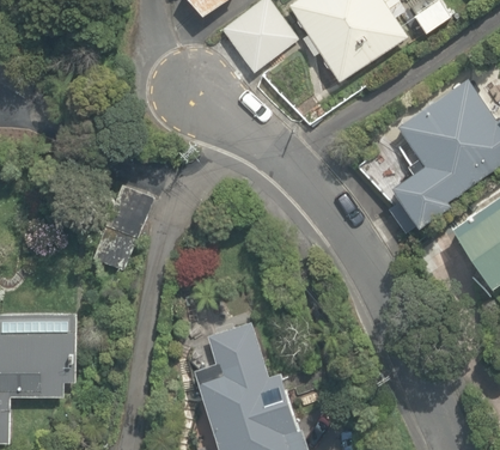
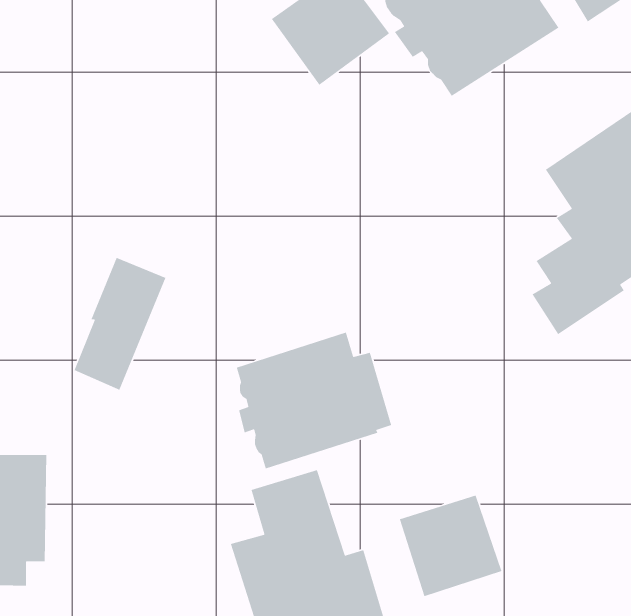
building: none -> [236,332,392,469]
building: none -> [399,495,502,597]

